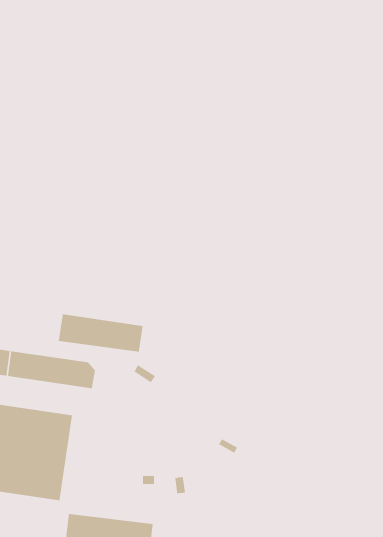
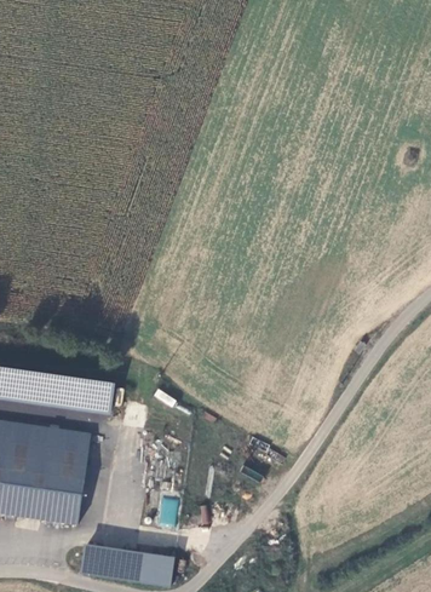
building: [58,314,143,352] -> none

